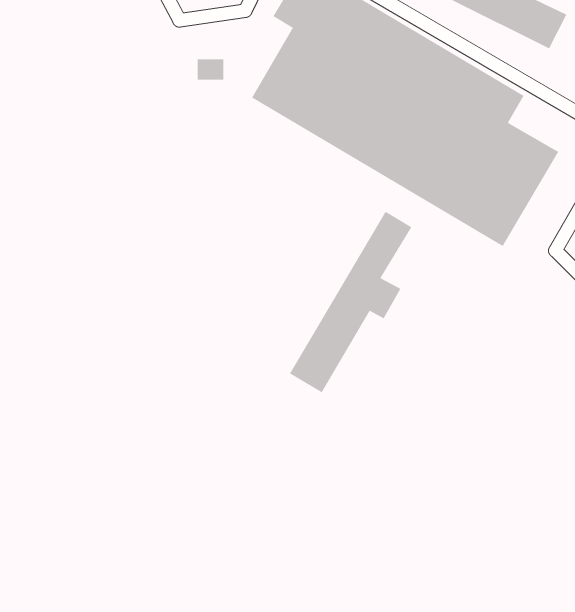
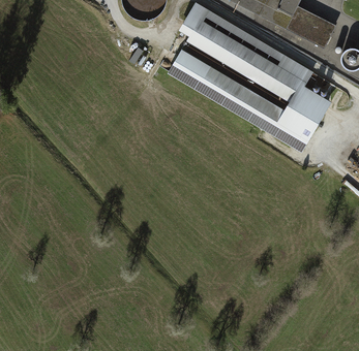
building: [289,211,412,393] -> none

